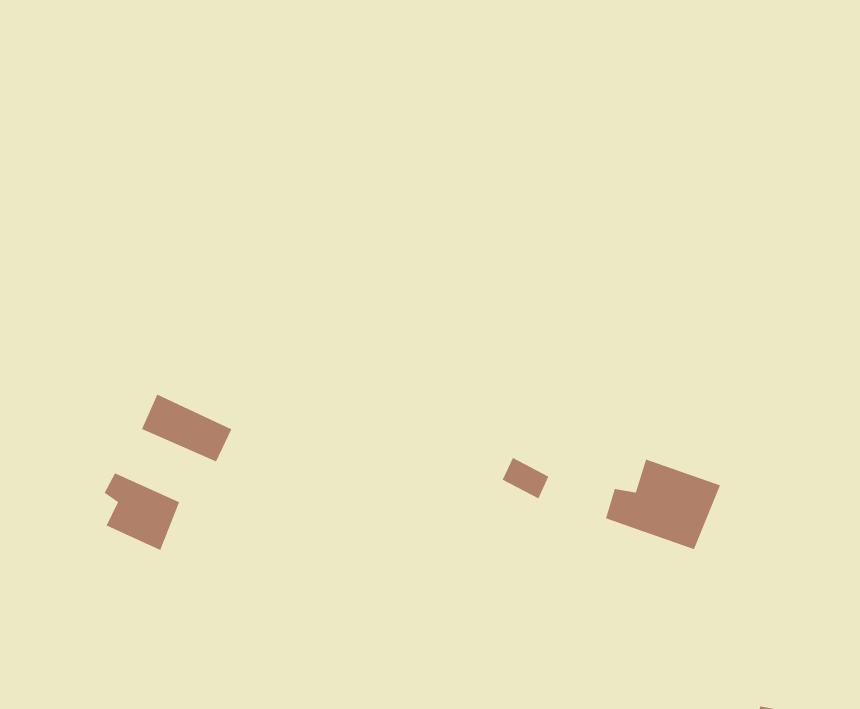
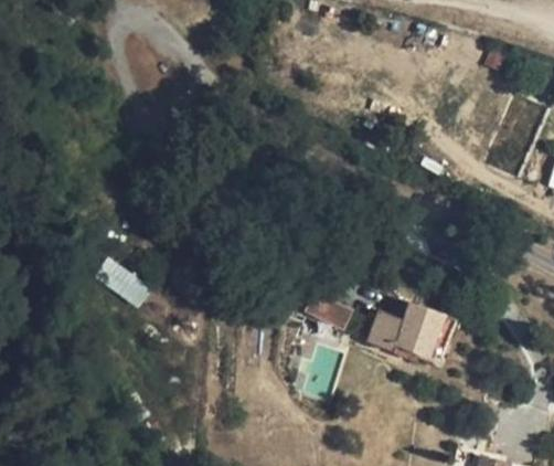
building: [104,473,180,551] -> none

